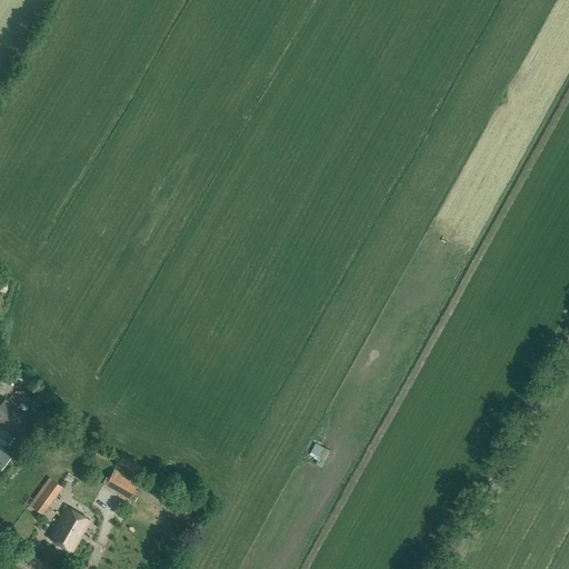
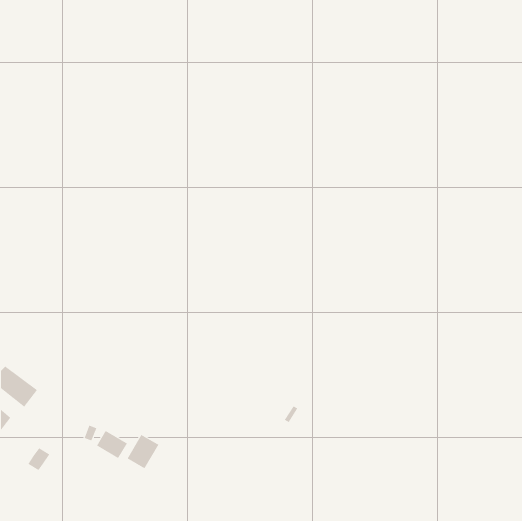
building: none -> [127,434,159,469]
building: [48,506,90,551] -> none

